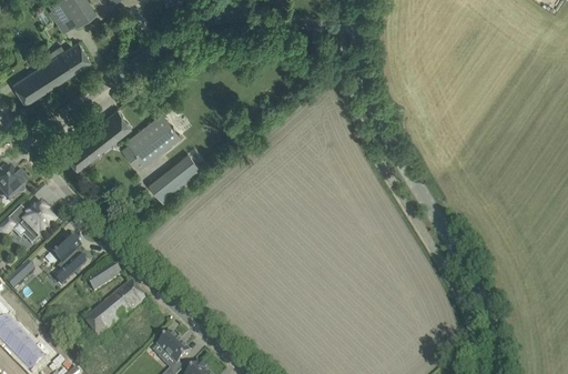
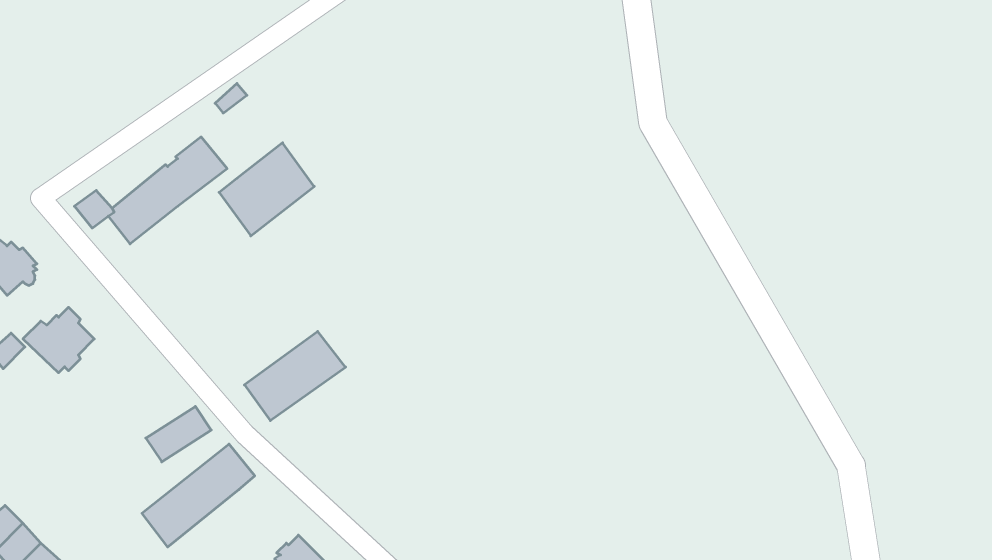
building: [13,41,91,102] -> none
building: [148,152,204,202] -> [244,331,346,421]
building: [50,233,85,279] -> none

